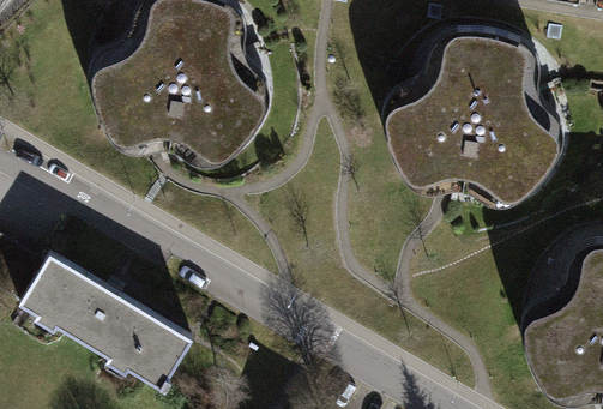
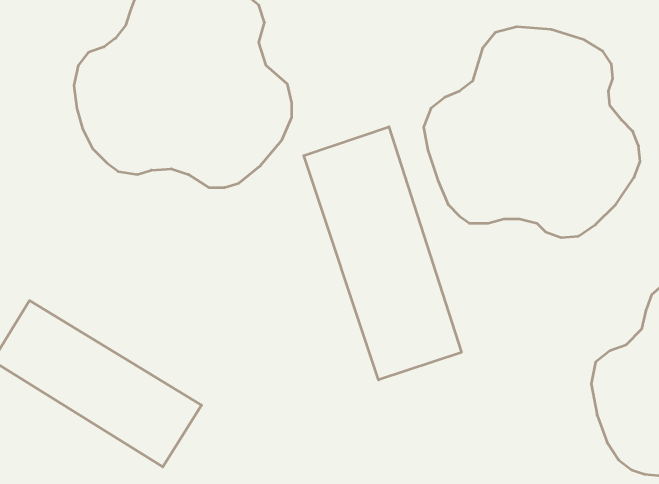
building: none -> [304,127,461,380]

